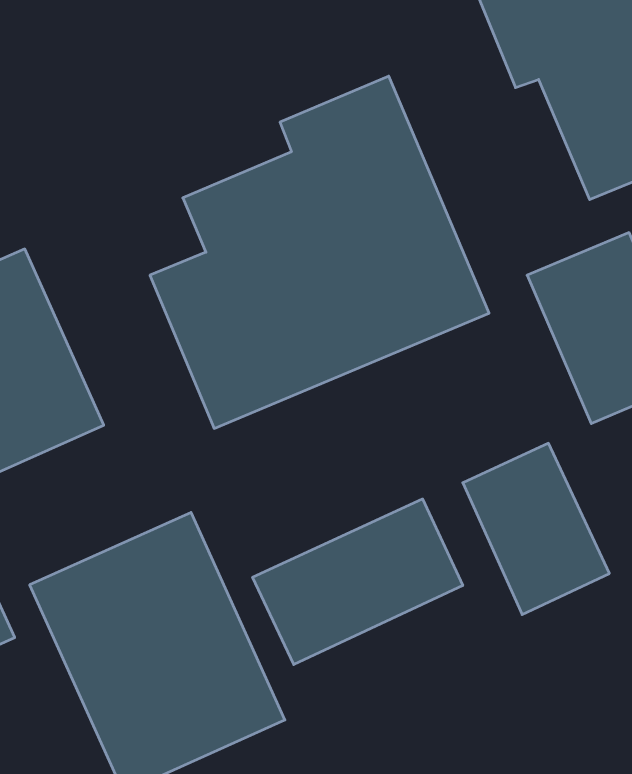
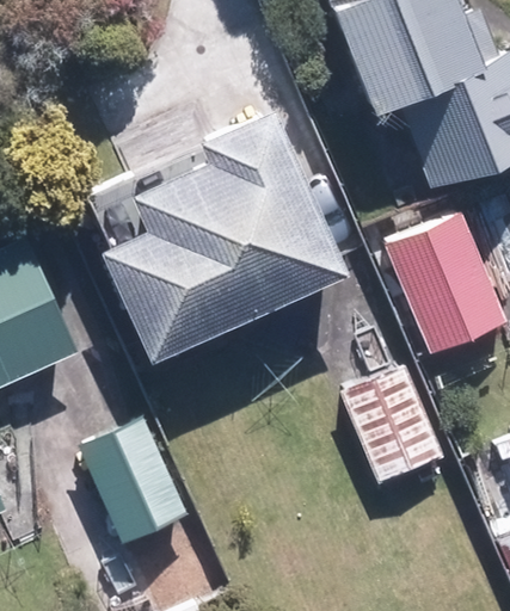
building: [253,499,463,665] -> none

